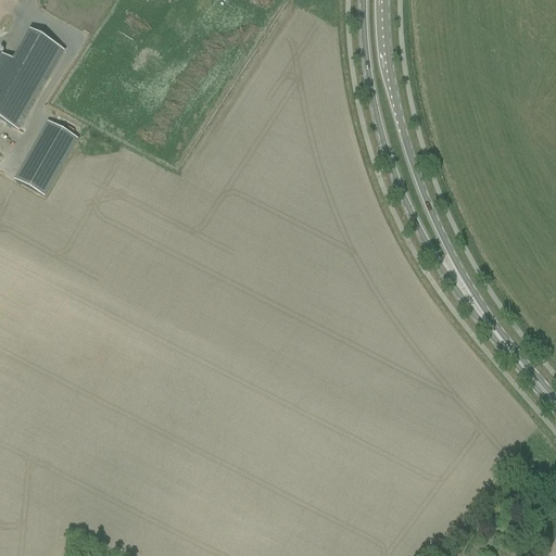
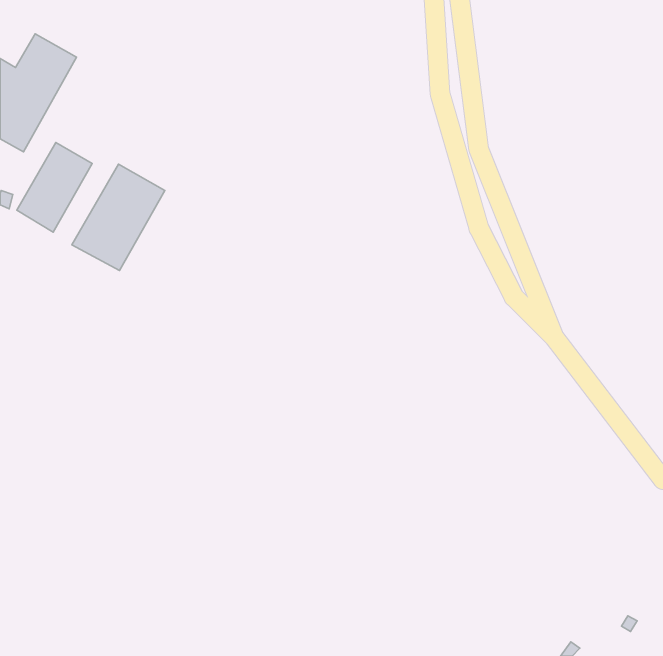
building: none -> [72,164,165,270]

